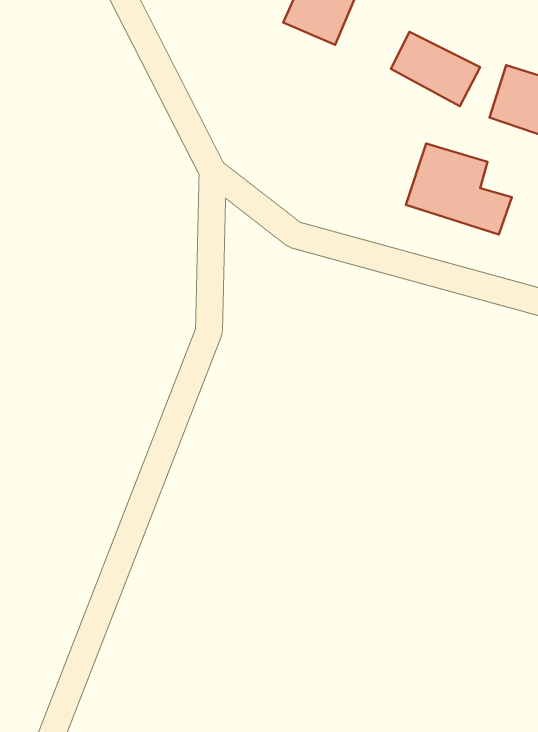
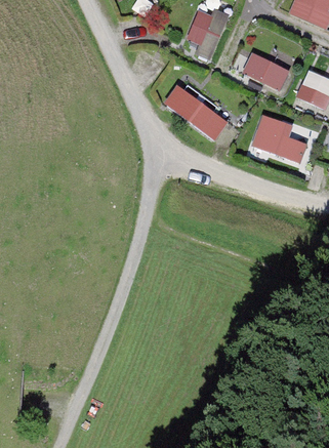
building: none -> [163,86,229,141]

